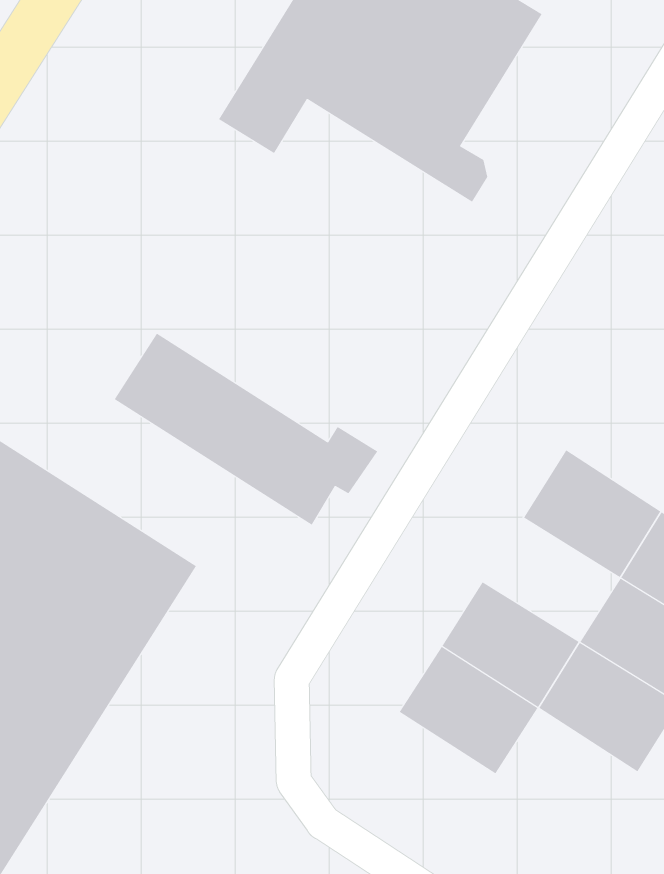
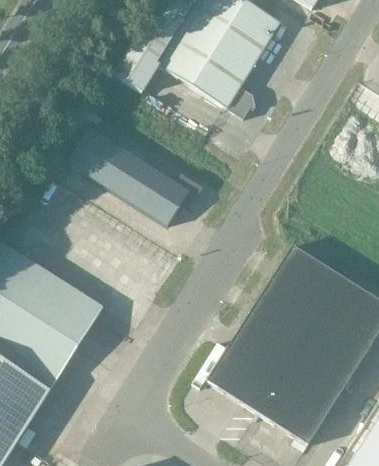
building: [114,333,378,525] -> [66,125,202,224]
building: none -> [249,280,320,344]
building: none -> [256,378,329,445]

